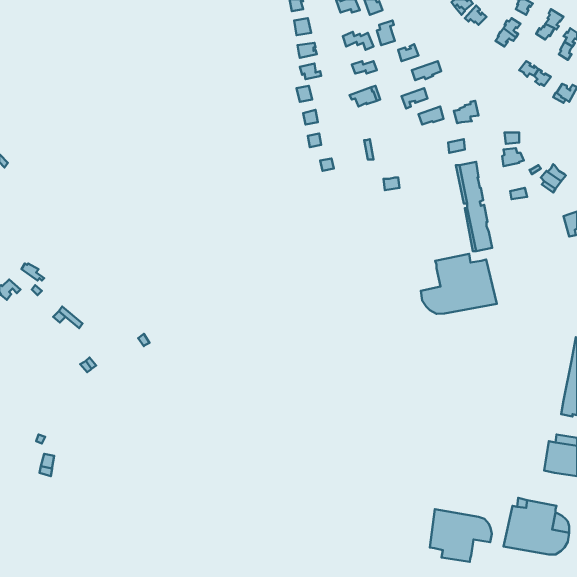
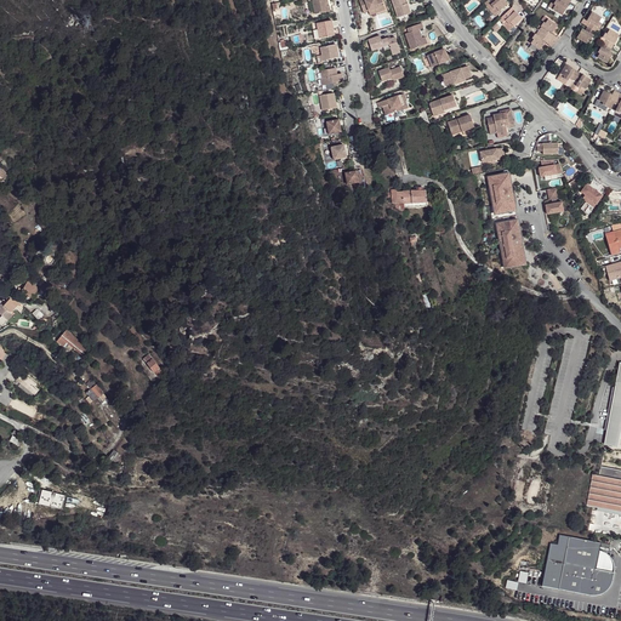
building: [421,254,497,314] -> none
building: [430,509,492,562] -> none

